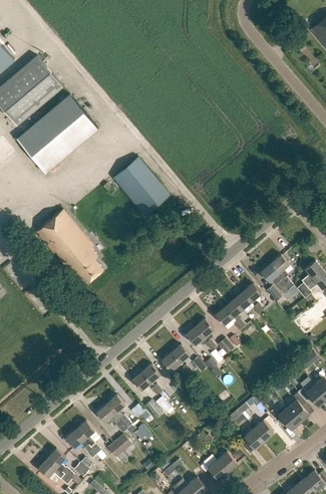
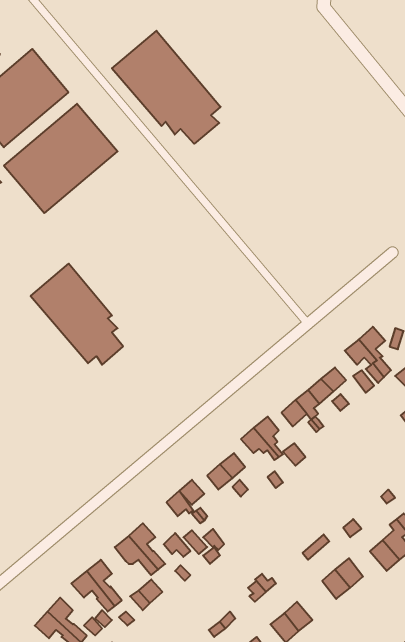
building: none -> [112,31,221,144]
building: [111,156,168,214] -> none

